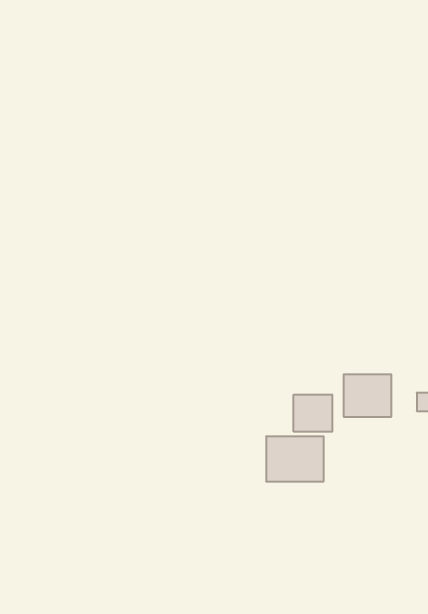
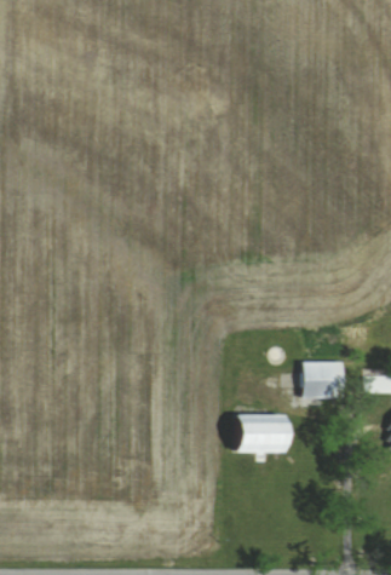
building: [294,395,332,432] -> none

